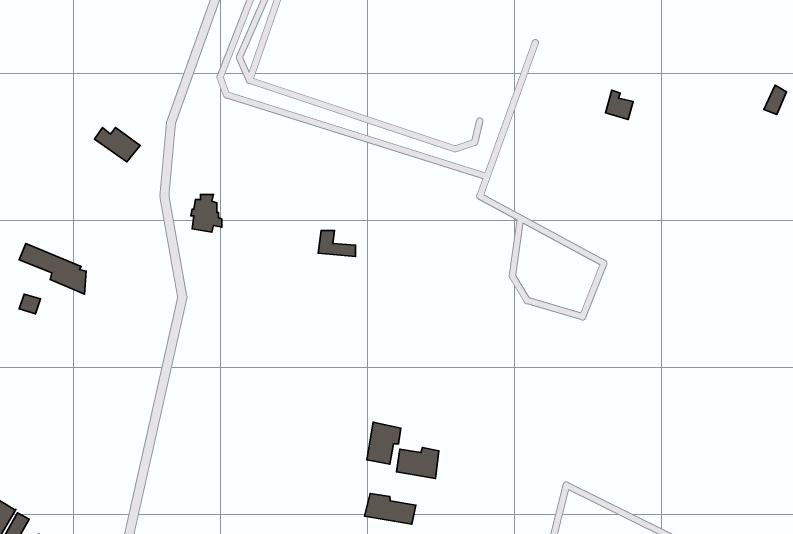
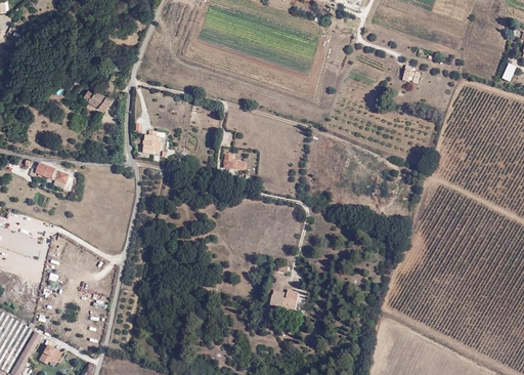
building: [367,422,401,464] -> none
building: [365,494,416,524] -> none

